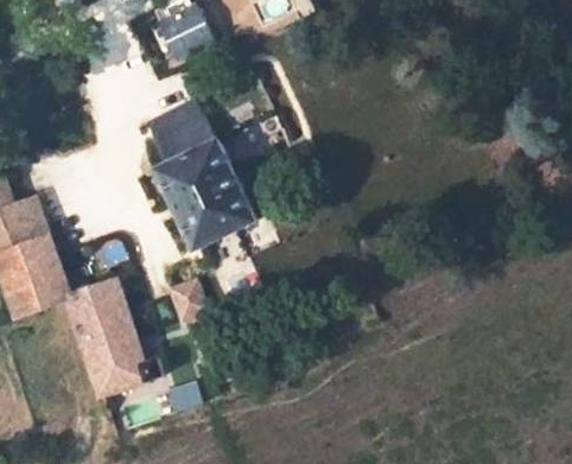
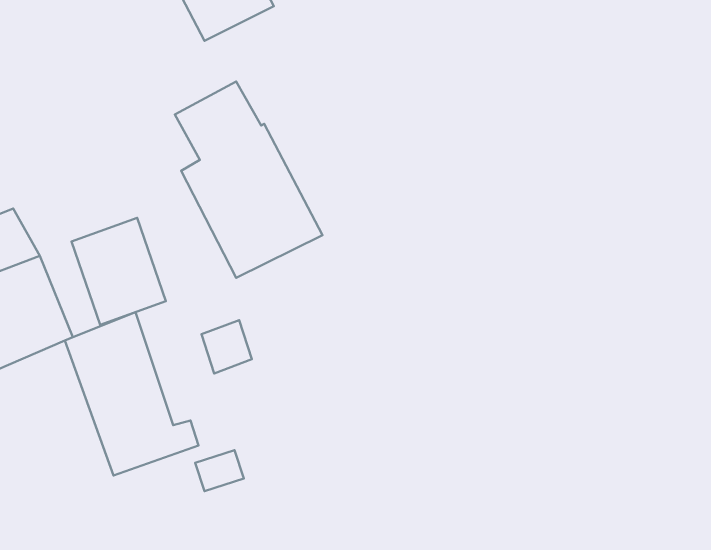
building: none -> [71,218,166,325]

